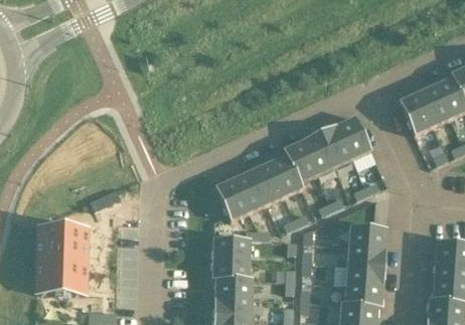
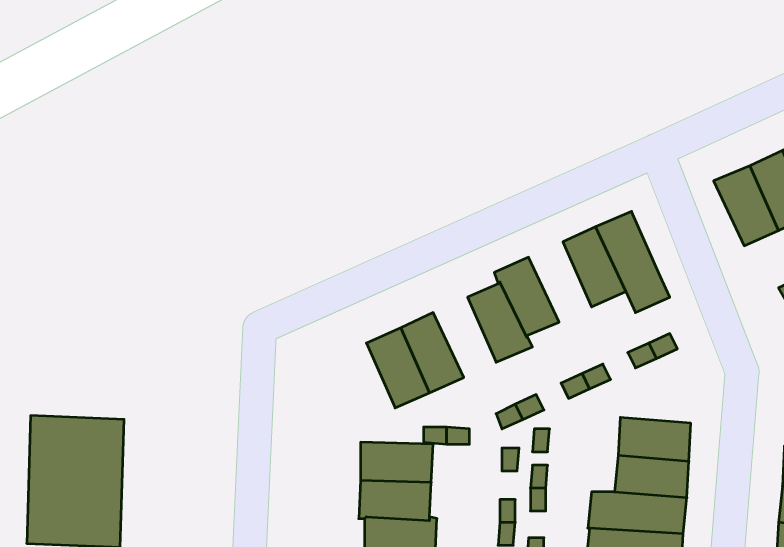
building: [302,132,335,174] -> none
building: [252,161,285,203] -> none

